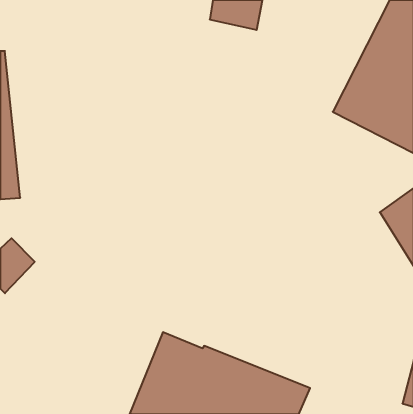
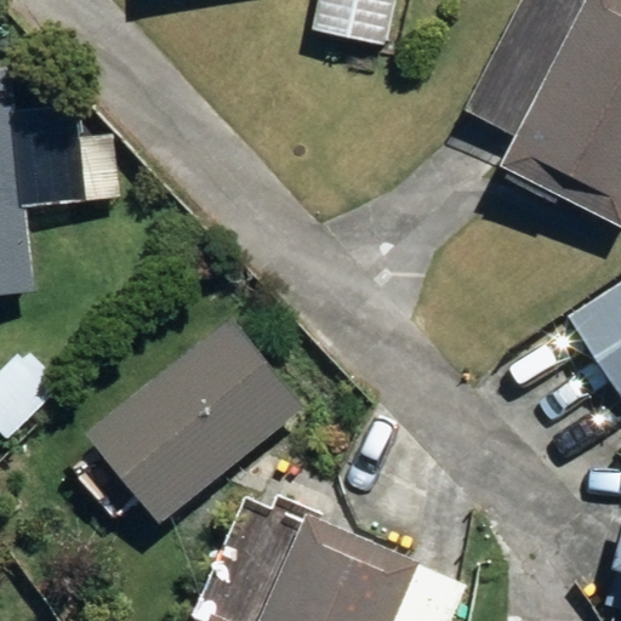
building: none -> [84,319,298,520]

